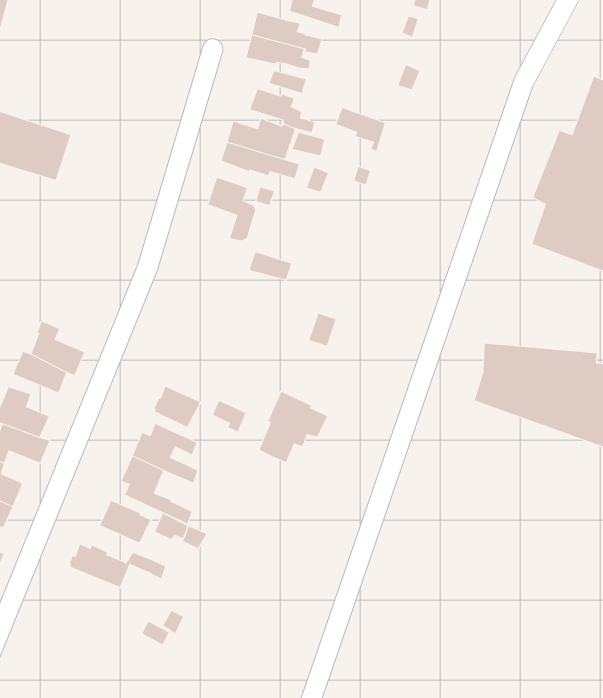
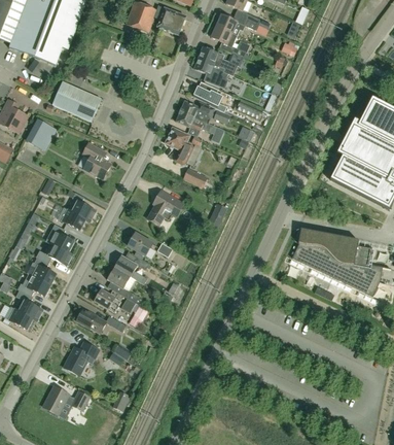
building: none -> [83,142,111,178]
building: [259,391,328,463] -> [146,189,183,226]
building: none -> [64,342,100,374]

